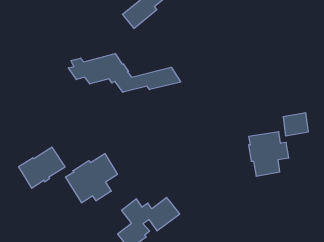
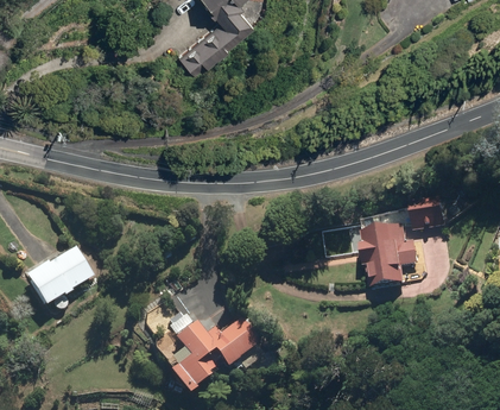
building: [68,54,181,92] -> none
building: [66,154,117,203] -> none

